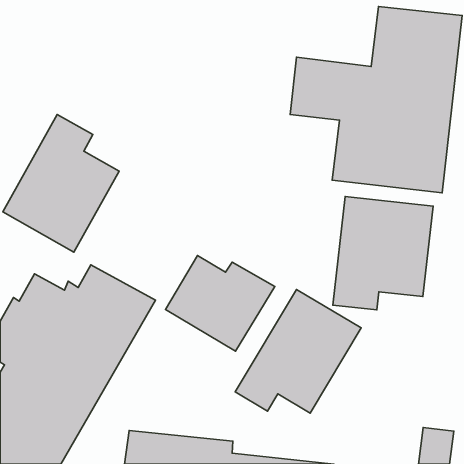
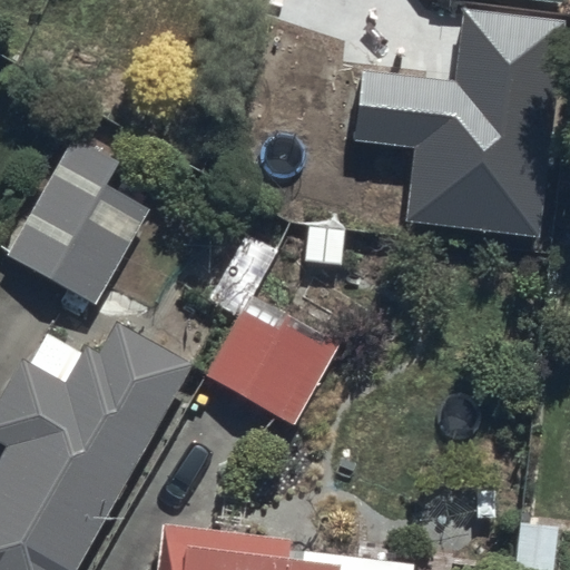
building: [333,197,433,310] -> none
building: [235,289,361,413] -> none

